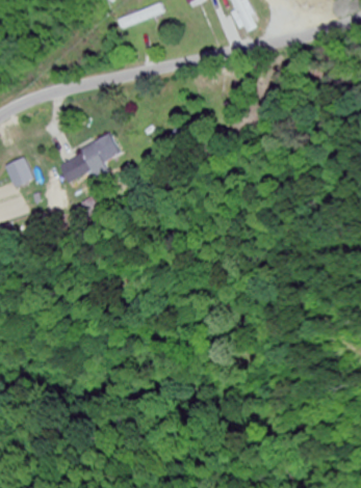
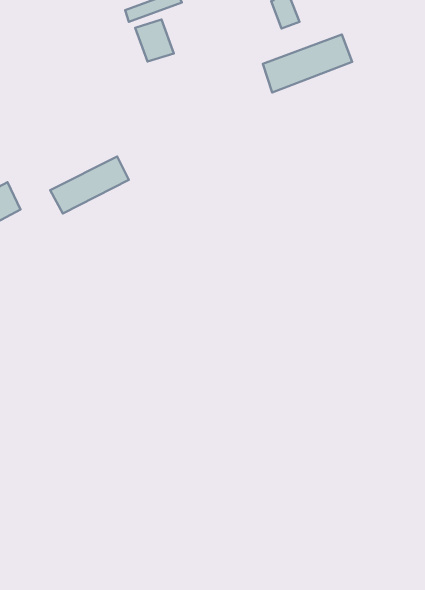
building: none -> [135,20,174,62]
building: none -> [263,34,352,92]

